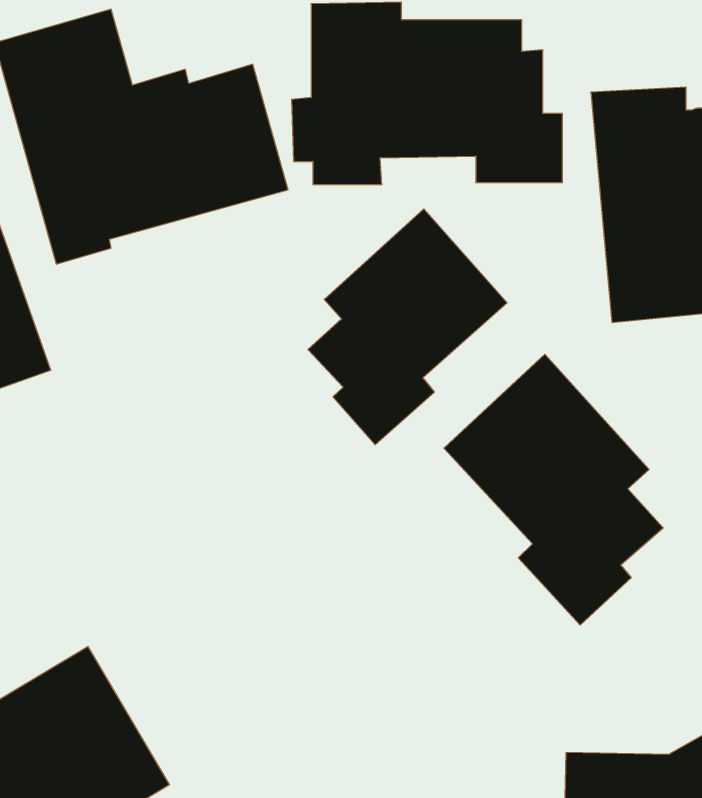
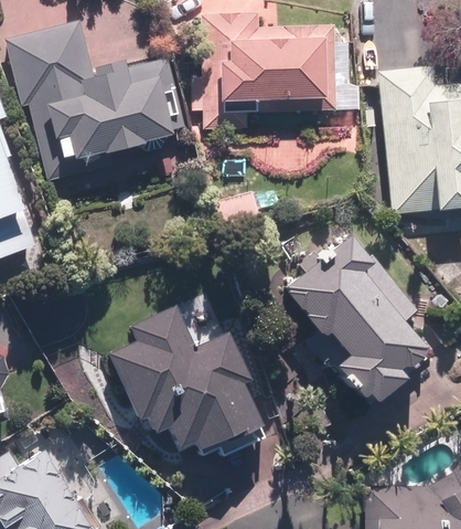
building: [308,209,507,445] -> none
building: none -> [110,293,269,455]

